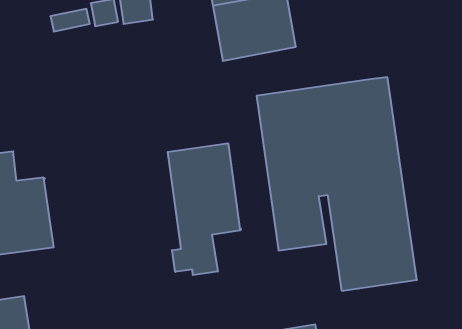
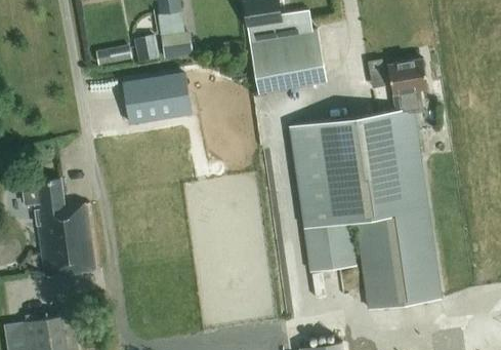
building: none -> [387,59,427,111]
building: none -> [122,73,190,124]
building: [168,143,241,275] -> none

